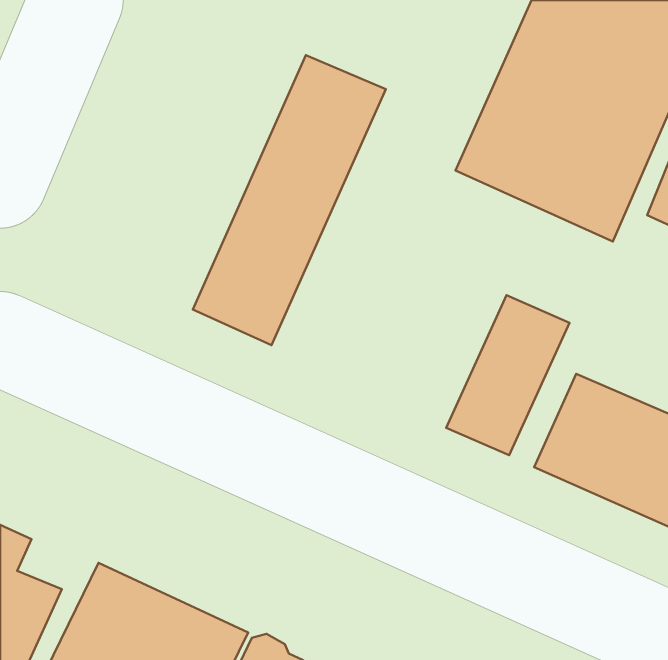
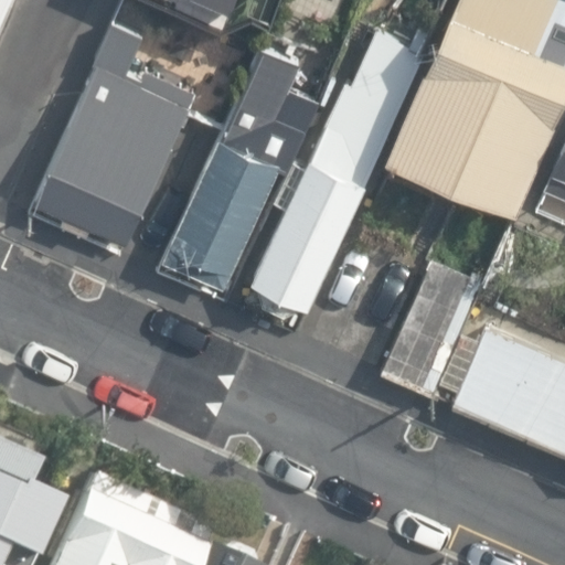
building: none -> [31,33,196,260]
building: none -> [244,35,417,323]

